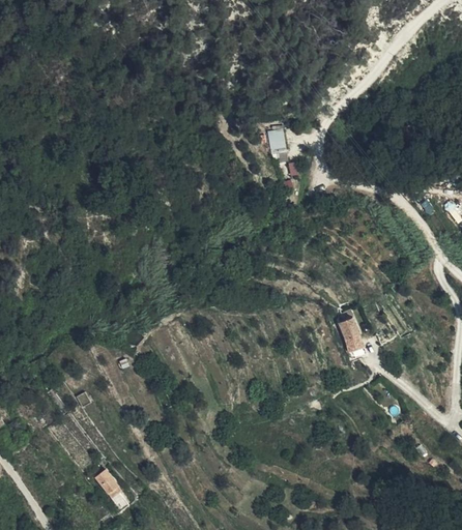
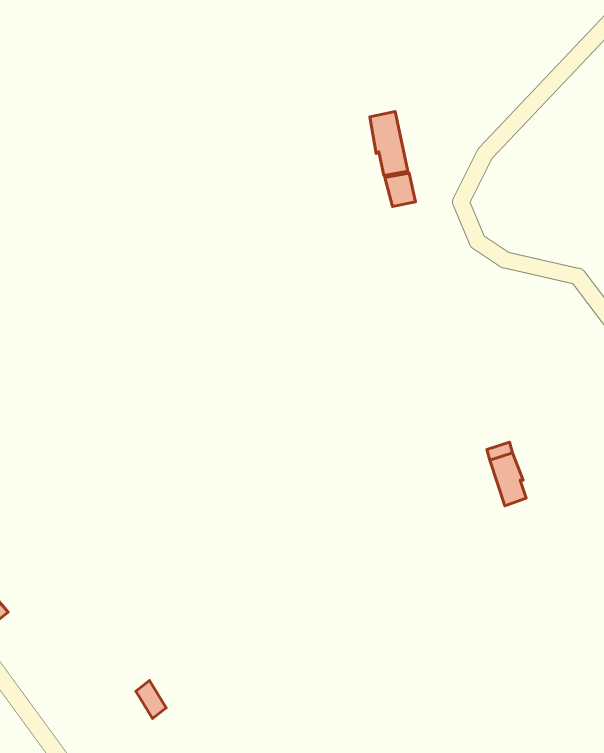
building: none -> [370,111,408,176]

